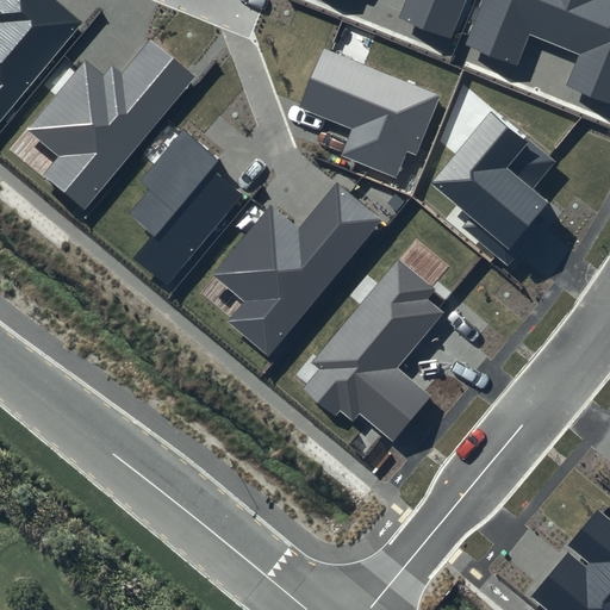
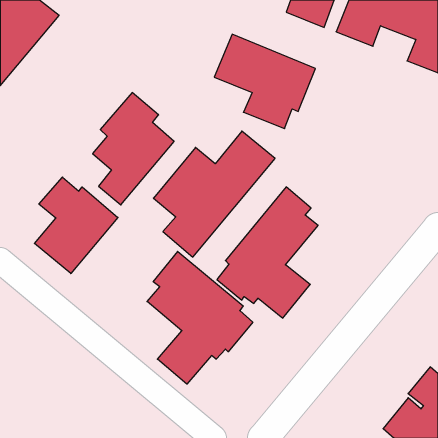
building: [26,39,194,210] -> none
building: [429,108,555,264] -> none
building: none -> [34,177,118,274]
building: none -> [147,251,253,384]

